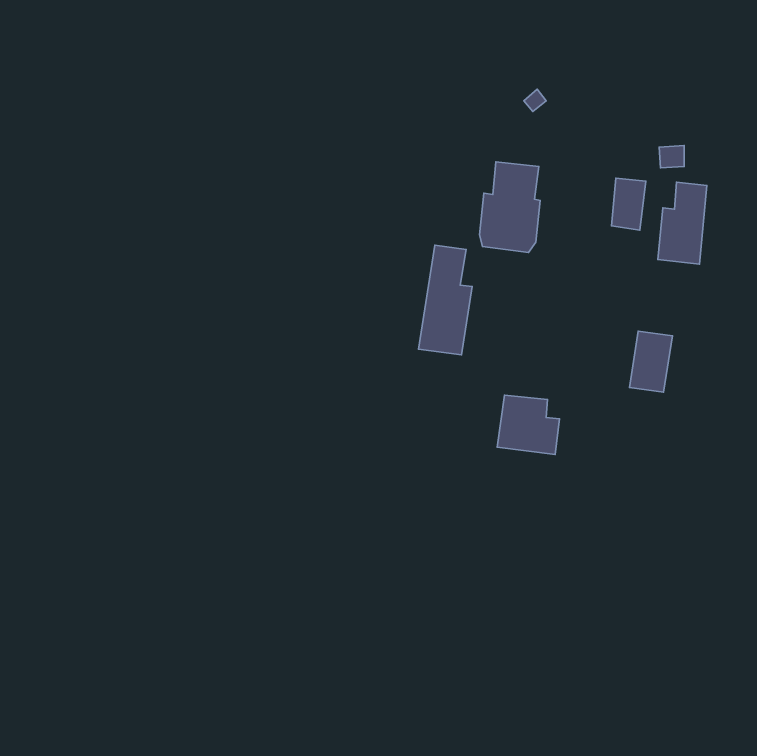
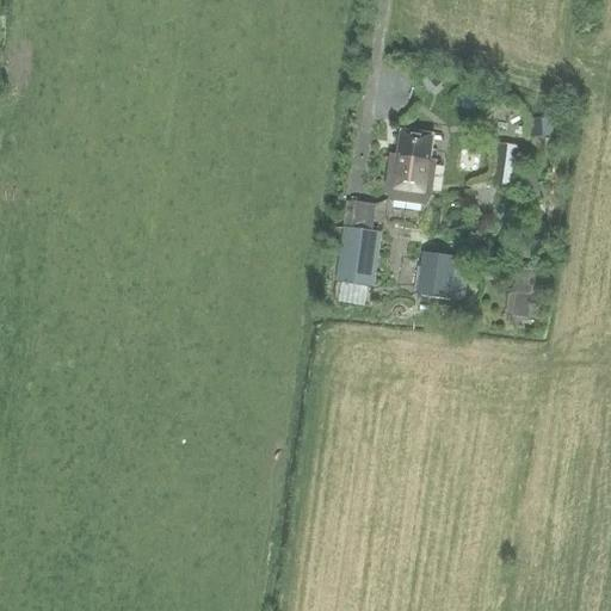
building: [658,182,707,264] -> none
building: [497,395,560,455] -> [416,251,467,298]

